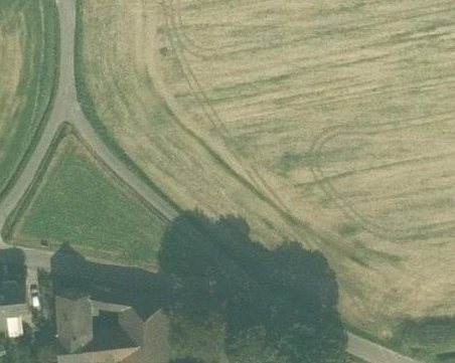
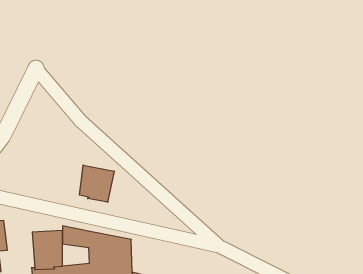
building: none -> [80,165,114,202]

